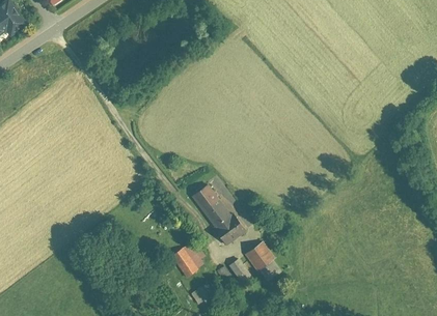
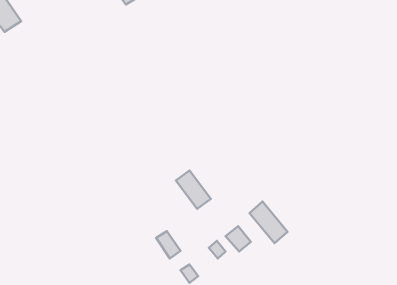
building: [214,211,246,242] -> none
building: none -> [249,202,288,243]

